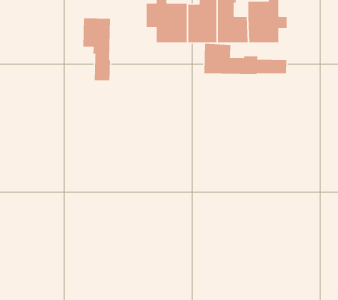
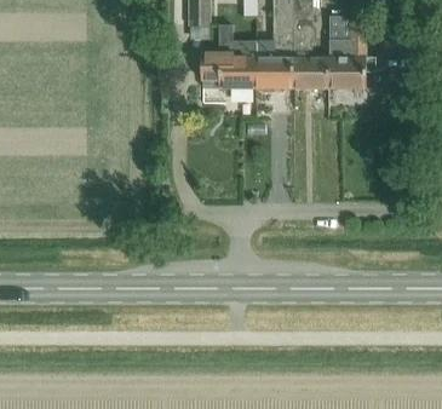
building: [83,18,110,81] -> none
building: [204,43,287,75] -> none

